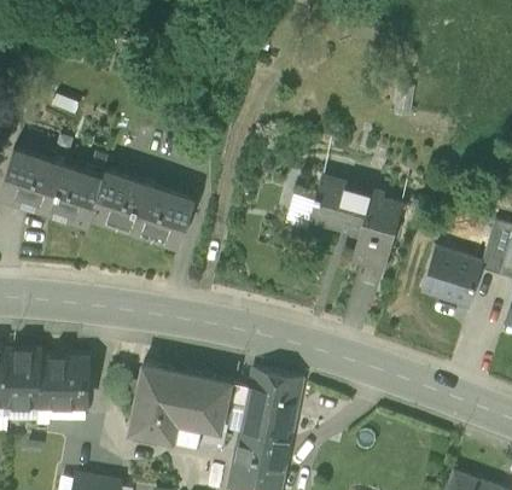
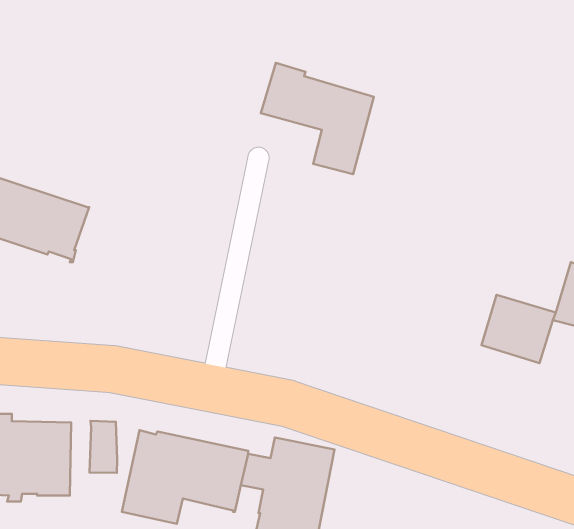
building: [91,174,194,247] -> none
building: [309,181,401,272] -> [261,63,374,174]
building: none -> [90,421,117,473]

